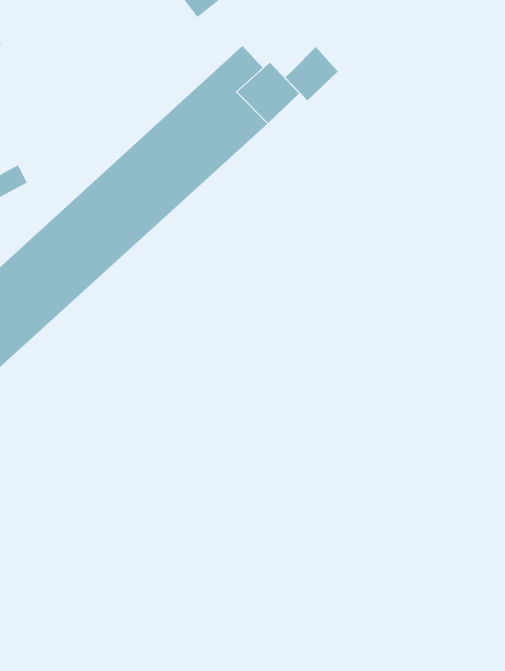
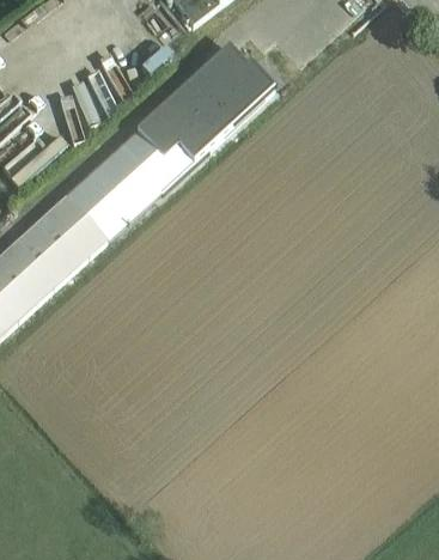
building: [284,46,339,101] -> none

